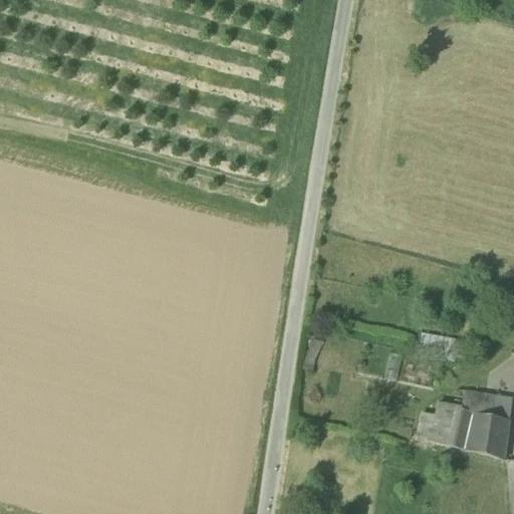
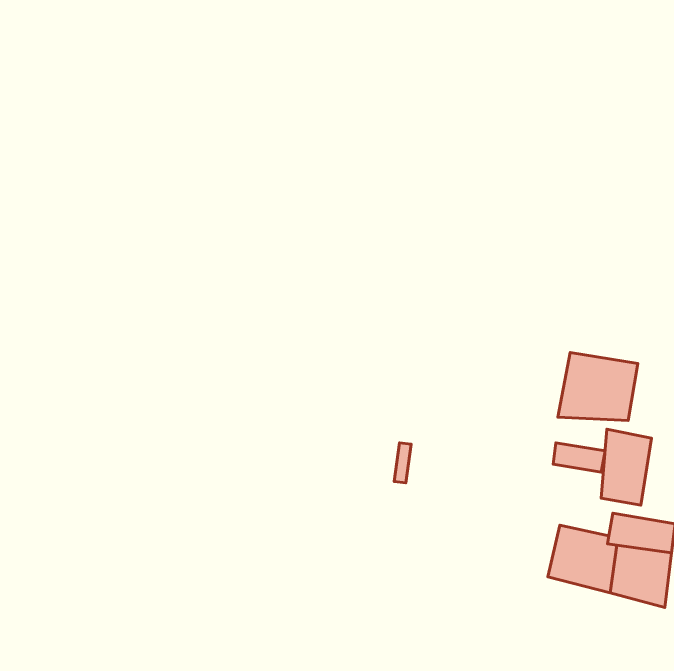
building: none -> [558,353,638,421]
building: none -> [601,429,652,505]

